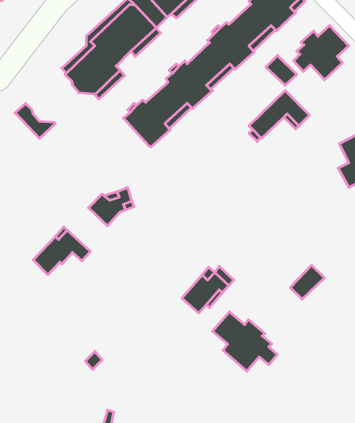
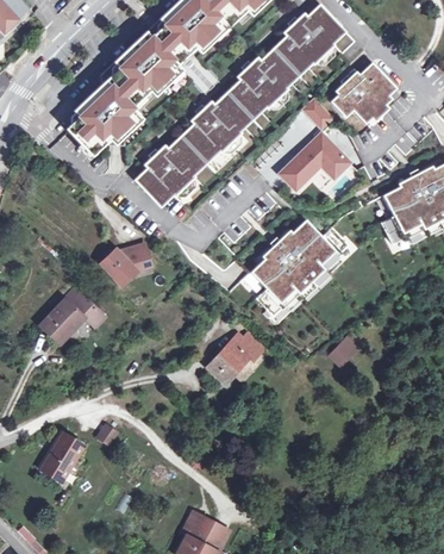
building: [15,103,55,138] -> [64,117,110,156]
building: none -> [132,169,170,207]
building: none -> [251,219,351,307]
building: [212,312,277,371] -> none
building: none -> [39,432,83,480]

